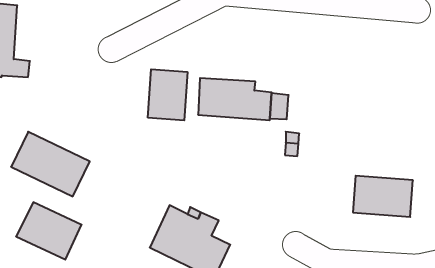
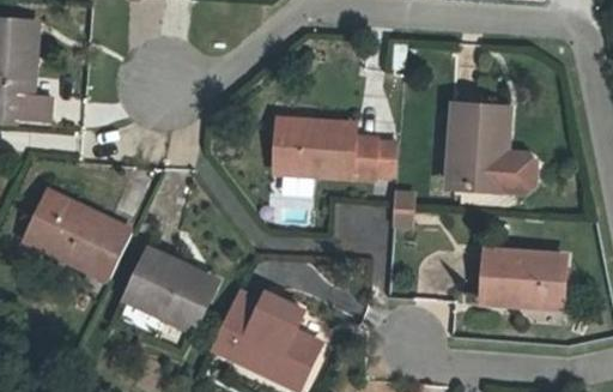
building: none -> [450,104,535,191]
building: [148,69,187,120] -> none
building: [16,202,82,260] -> [127,251,214,327]

